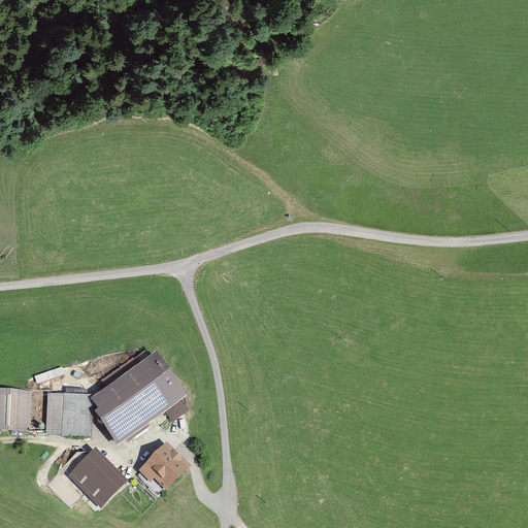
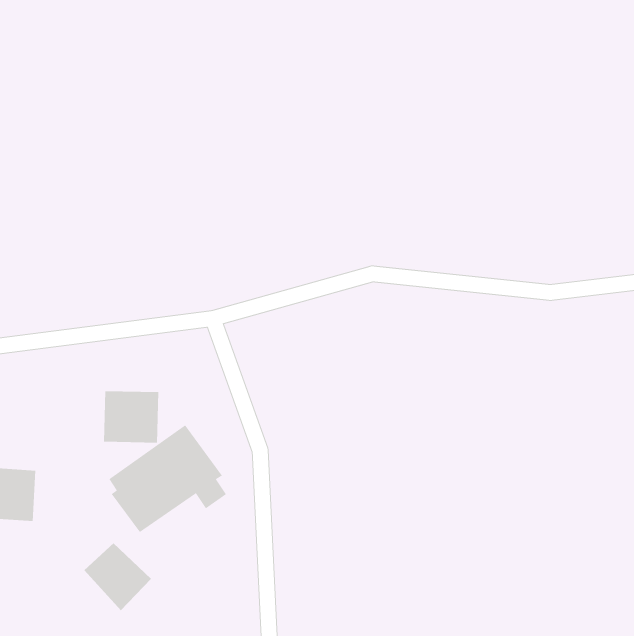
building: [44,392,91,435] -> [103,391,159,443]
building: [136,441,189,496] -> none

